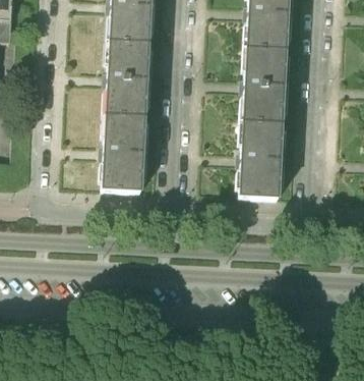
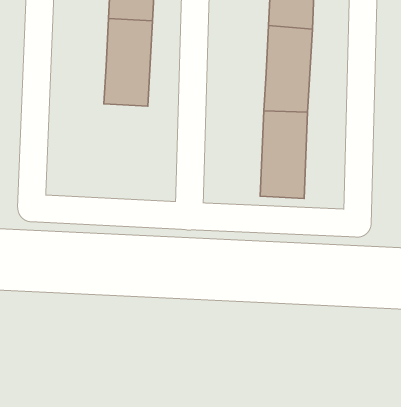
building: [103,113,144,188] -> none

